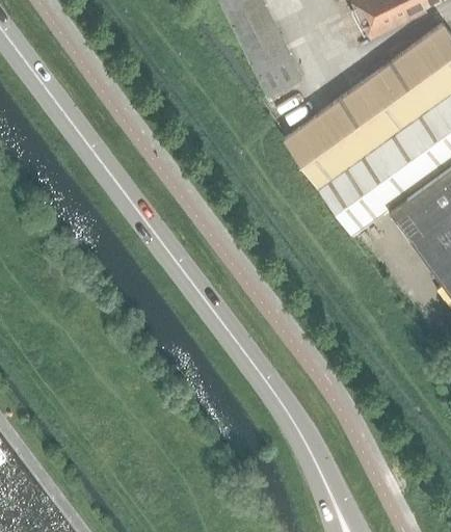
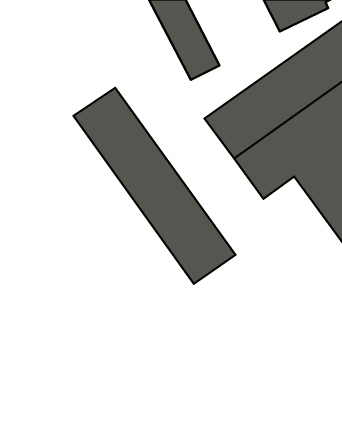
building: none -> [74,88,236,284]

